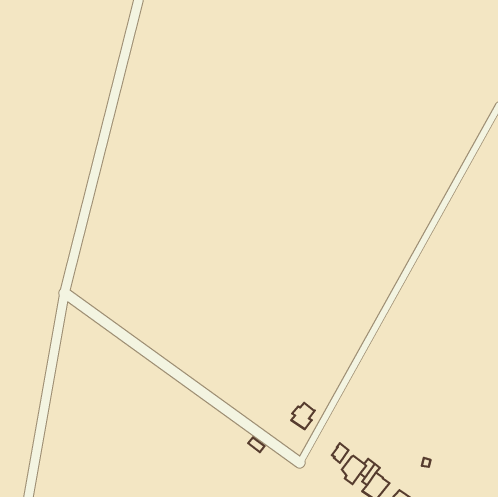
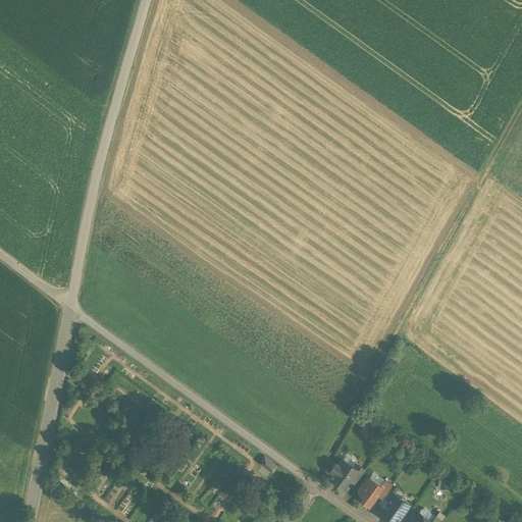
building: [291,403,315,429] -> [329,461,354,488]

